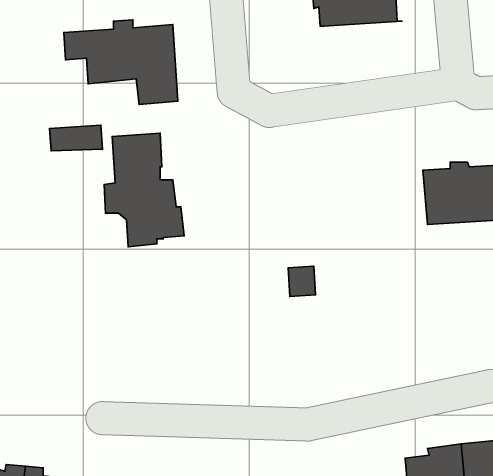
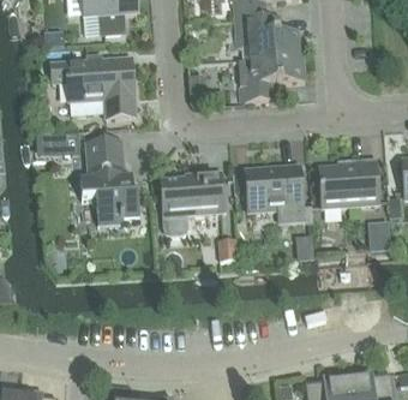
building: none -> [239,55,304,101]
building: none -> [245,166,304,222]
building: none -> [161,172,223,234]

